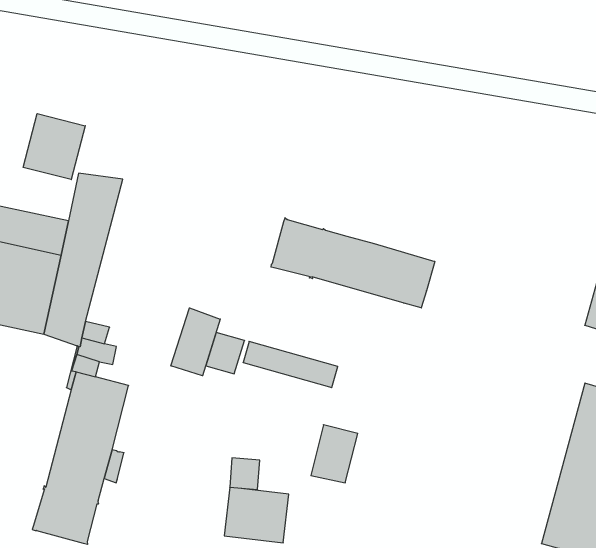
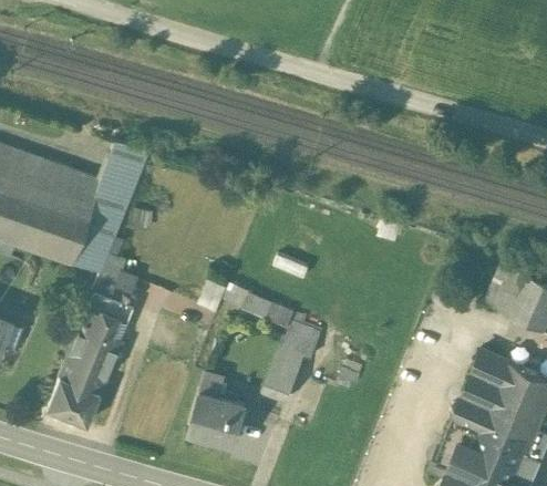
building: [23,114,85,180] -> none
building: [271,218,435,308] -> none
building: [171,308,220,376] -> none
building: none -> [278,329,320,366]

